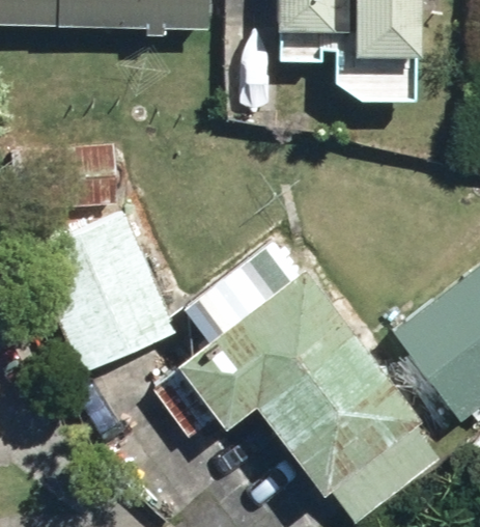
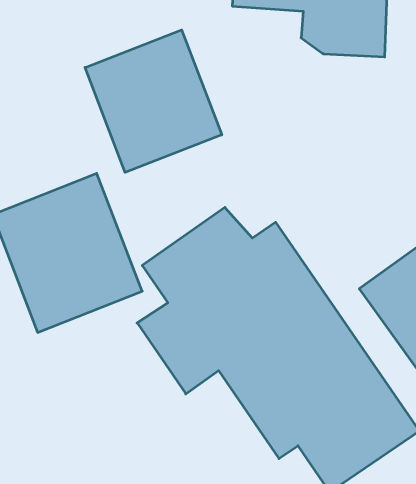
building: none -> [85,30,222,172]

